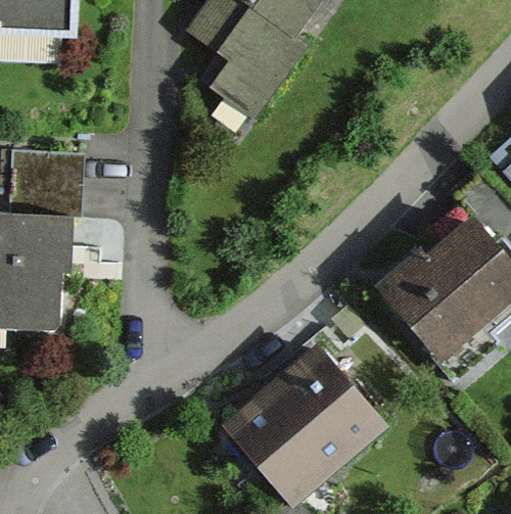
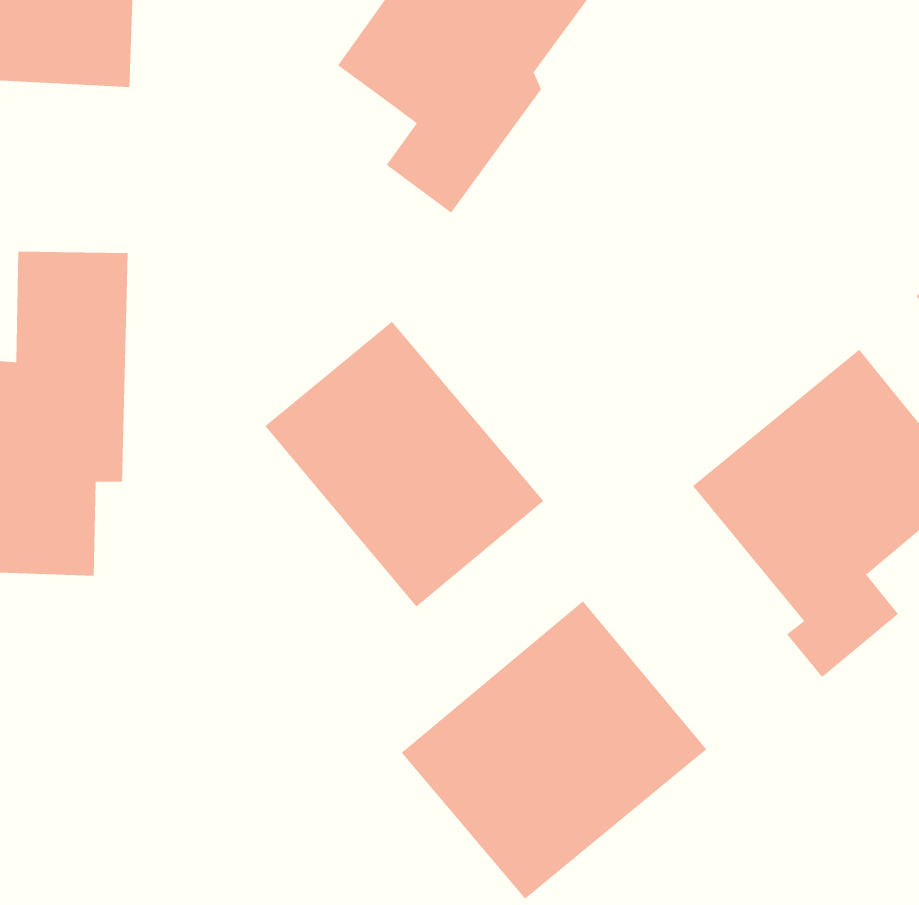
building: none -> [265,321,544,608]

